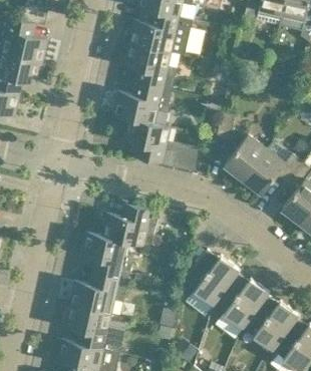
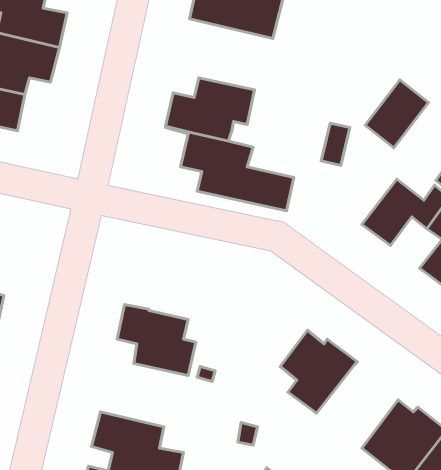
building: [123,42,177,89] -> none
building: [224,133,266,178] -> [365,80,429,148]
building: [101,203,160,245] -> none
building: [69,271,127,313] -> none
building: [213,272,269,327] -> none

